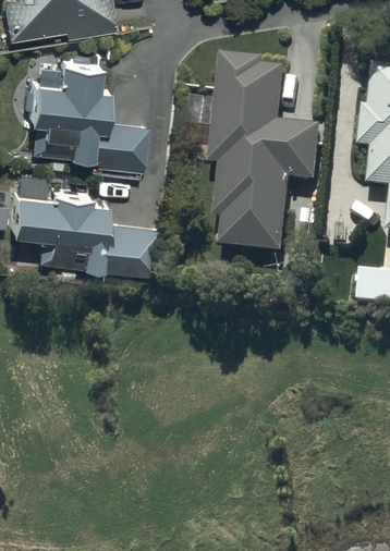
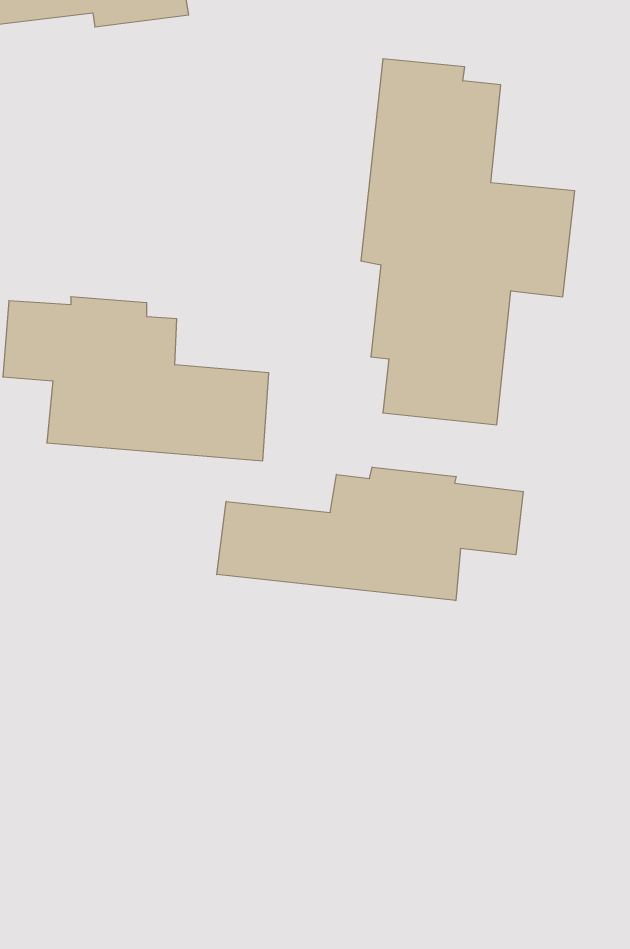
building: [22,50,144,172] -> none
building: none -> [217,467,523,601]

